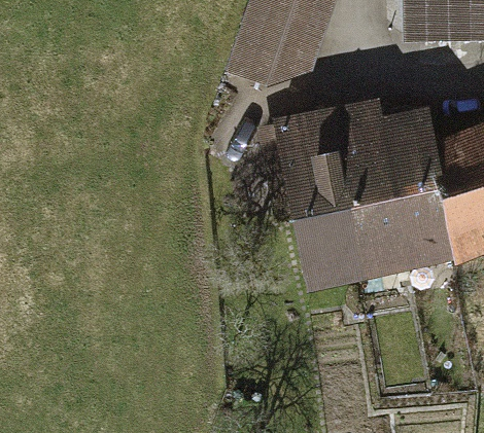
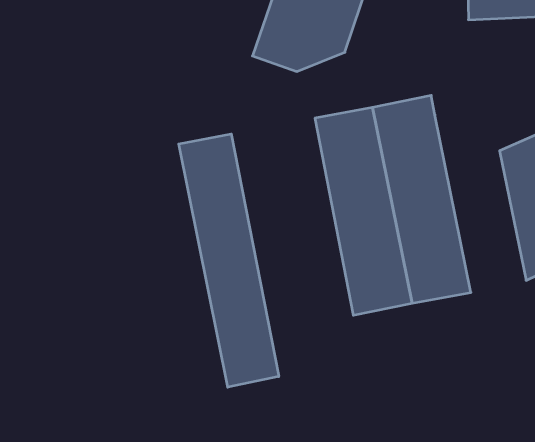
building: [384,108,462,269] -> none
building: none -> [179,134,279,387]

